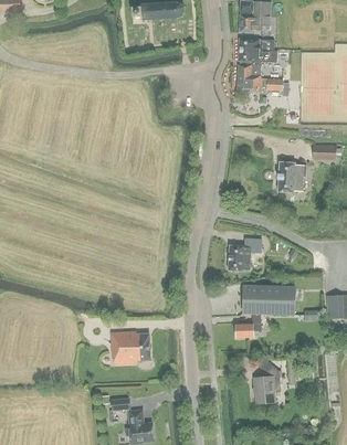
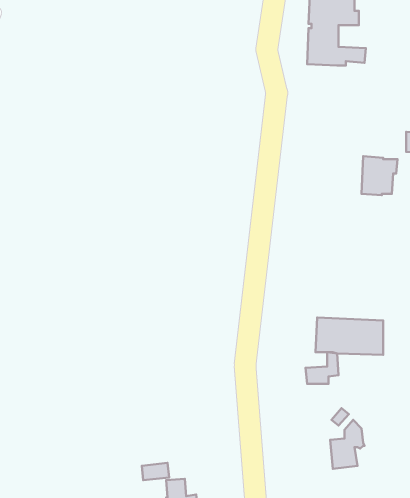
building: [228,237,262,269] -> none
building: [111,330,150,362] -> none

